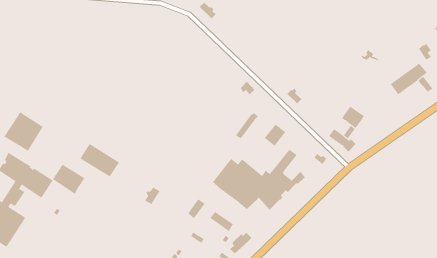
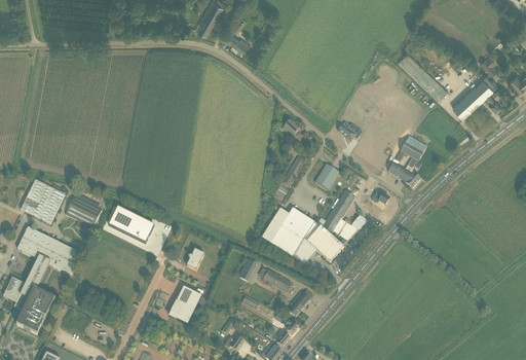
building: [52,164,85,194] -> [65,193,102,226]
building: none -> [167,284,202,323]

